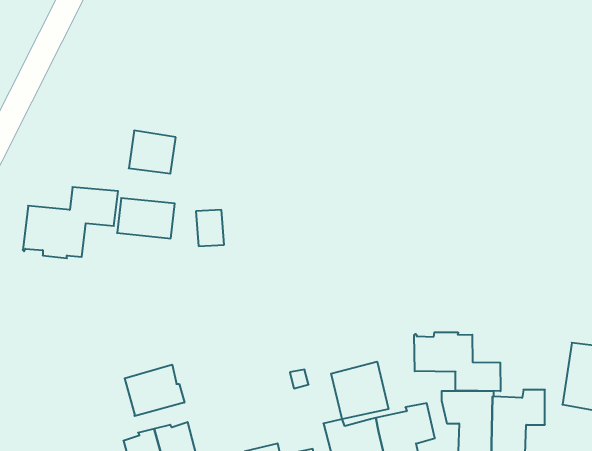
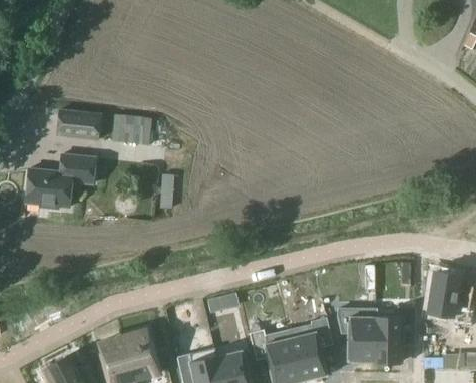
building: [117,198,175,238] -> [57,110,100,140]
building: [414,332,500,391] -> none
building: [331,362,388,419] -> none
building: [125,365,184,416] -> none

